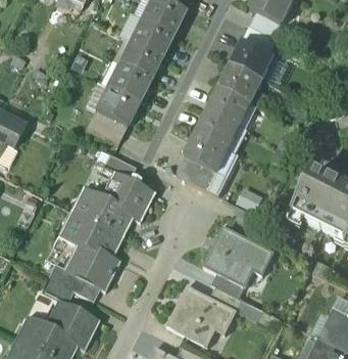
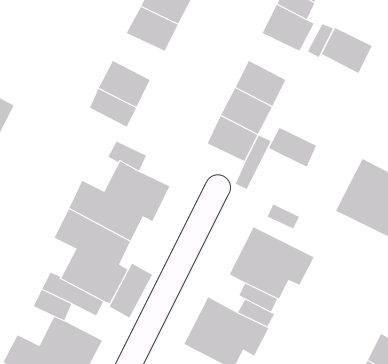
building: [106,63,150,102] -> none
building: [219,63,262,102] -> [321,27,372,74]
building: [176,155,216,189] -> [268,127,317,168]
building: none -> [109,263,153,318]

